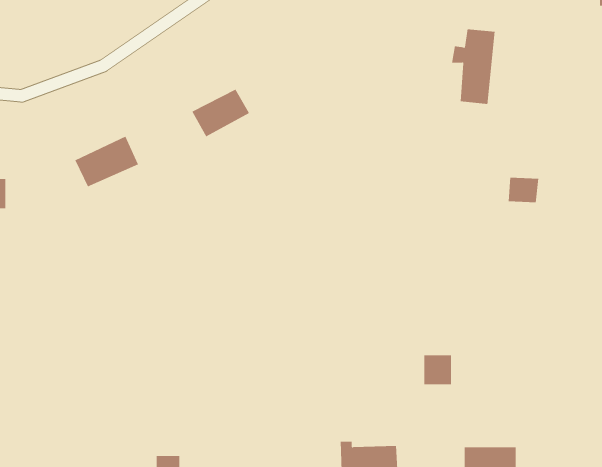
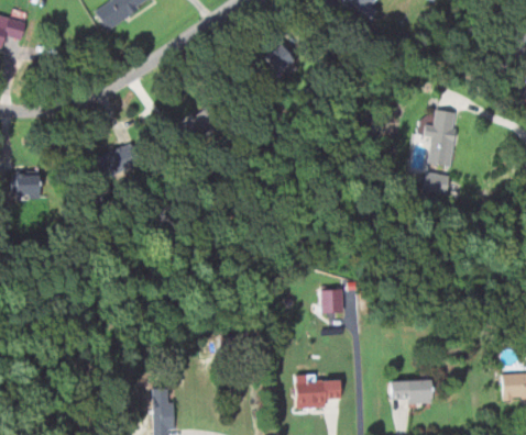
building: none -> [265,43,295,72]
building: [451,29,495,104] -> [423,109,457,167]
building: [423,355,452,385] -> [321,289,343,312]

